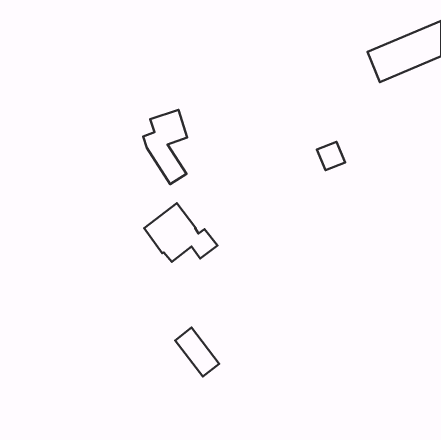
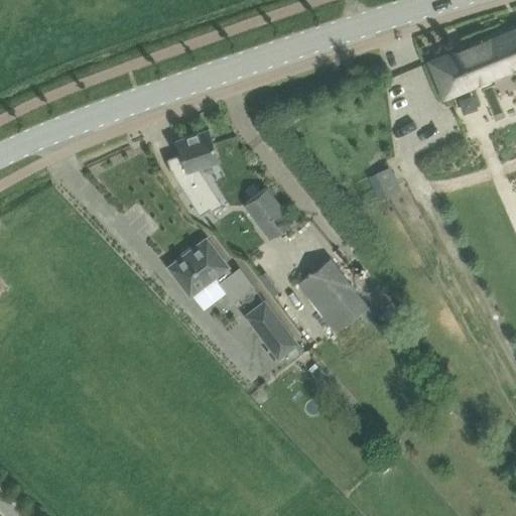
building: none -> [245,188,293,240]
building: none -> [298,259,369,334]
building: [175,327,219,377] -> [246,302,297,360]

